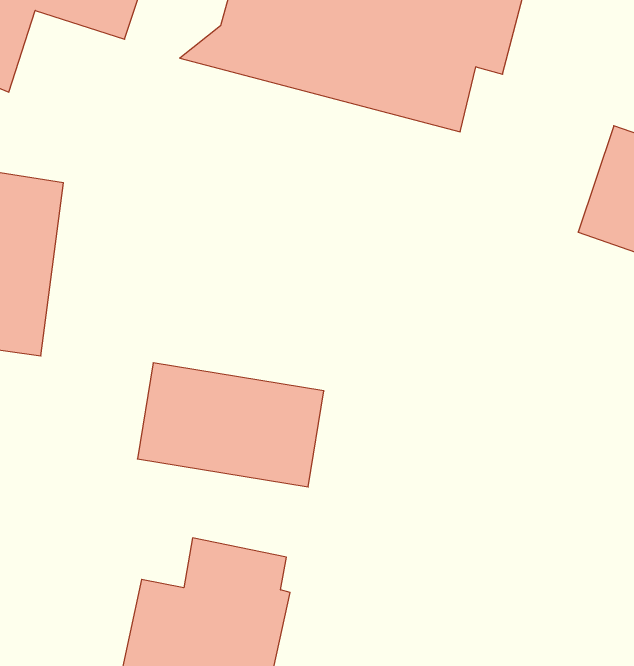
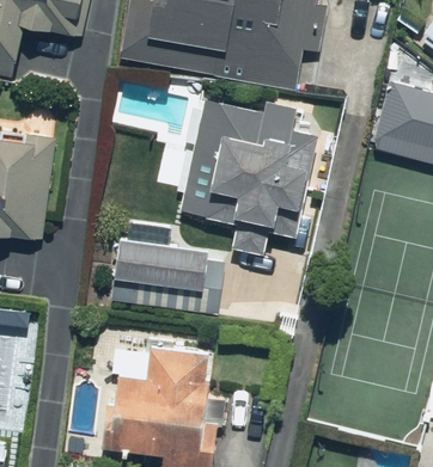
building: none -> [191,98,318,253]

